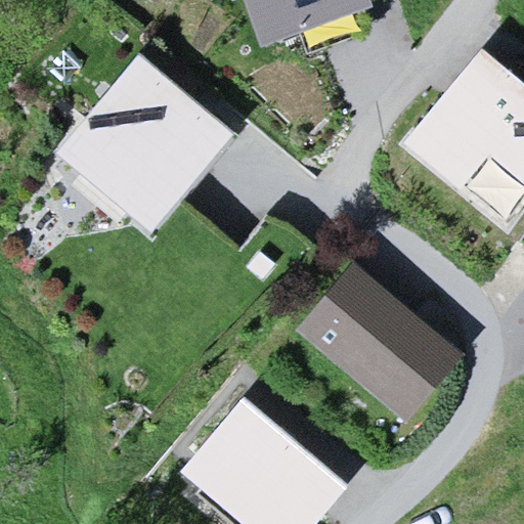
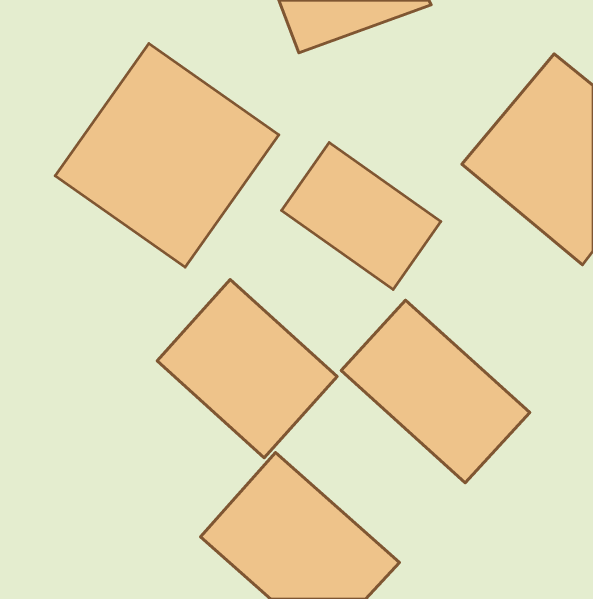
building: none -> [281,142,441,290]
building: none -> [157,280,337,458]

